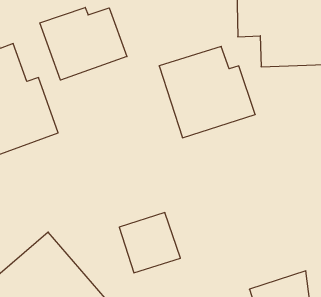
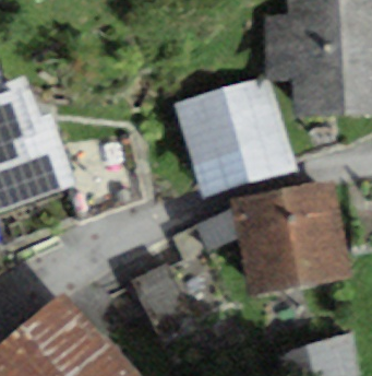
building: [40,7,127,80] -> none
building: none -> [240,190,346,285]

